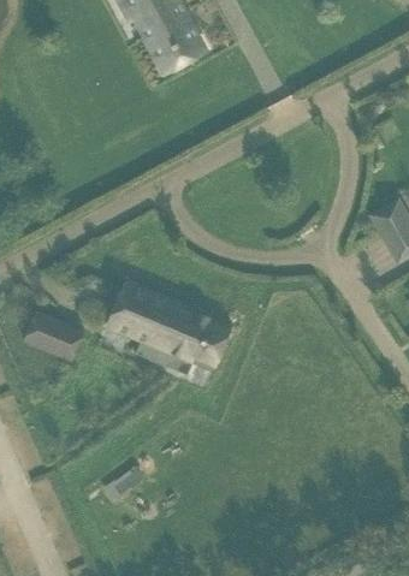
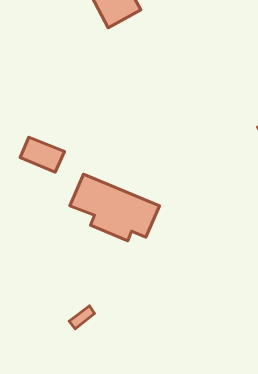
building: [23,309,85,358] -> [20,137,65,172]

